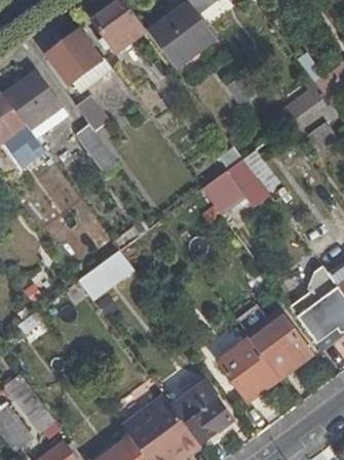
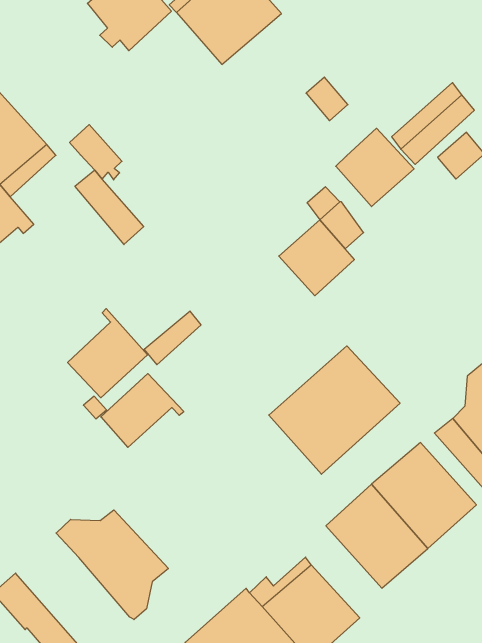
building: [46,30,112,92] -> none
building: none -> [336,128,414,207]
building: none -> [68,309,148,398]
building: none -> [269,346,400,474]
building: none -> [56,510,168,620]

